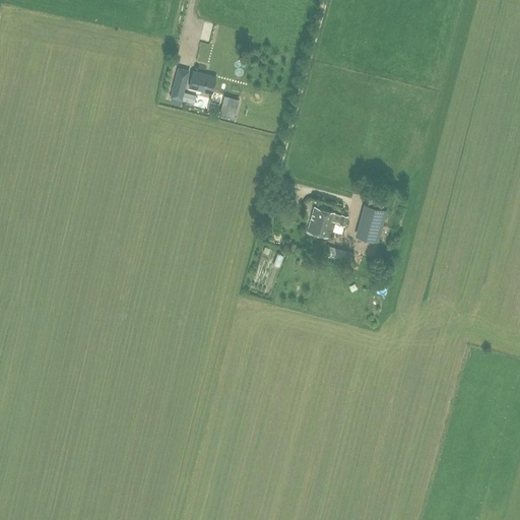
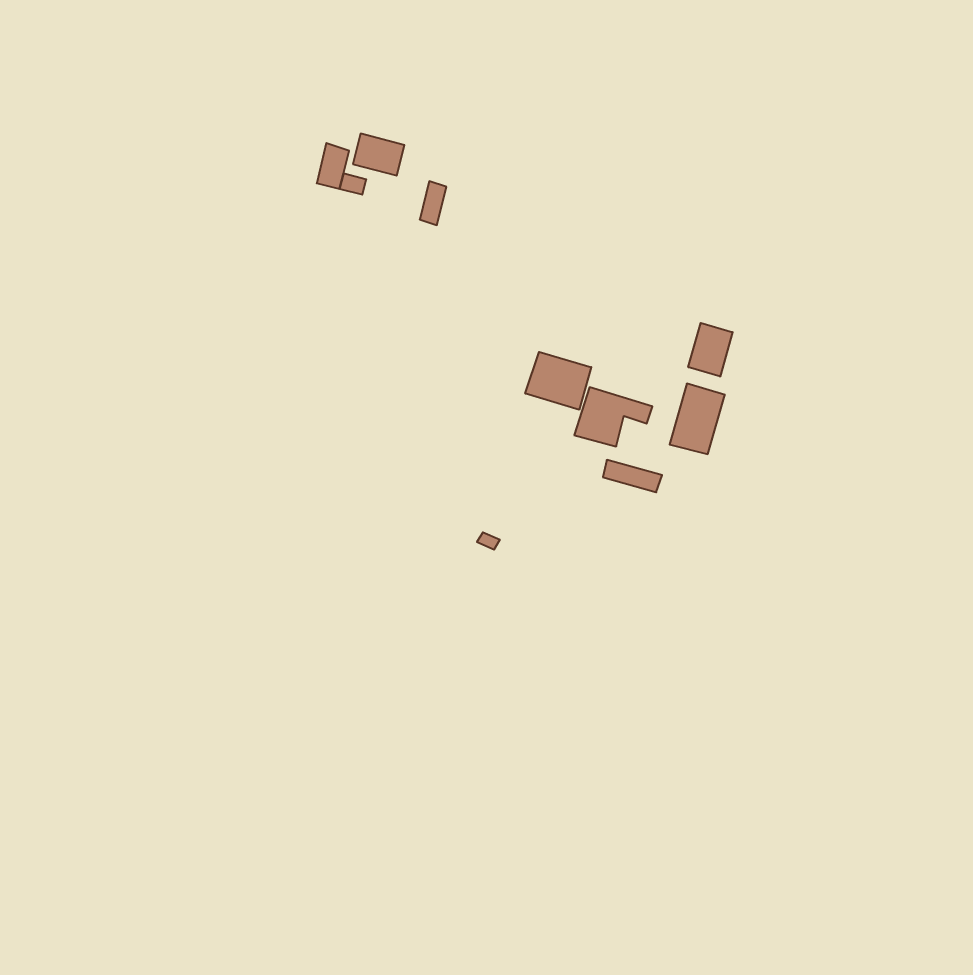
building: none -> [688,323,733,377]
building: none -> [525,352,591,410]

